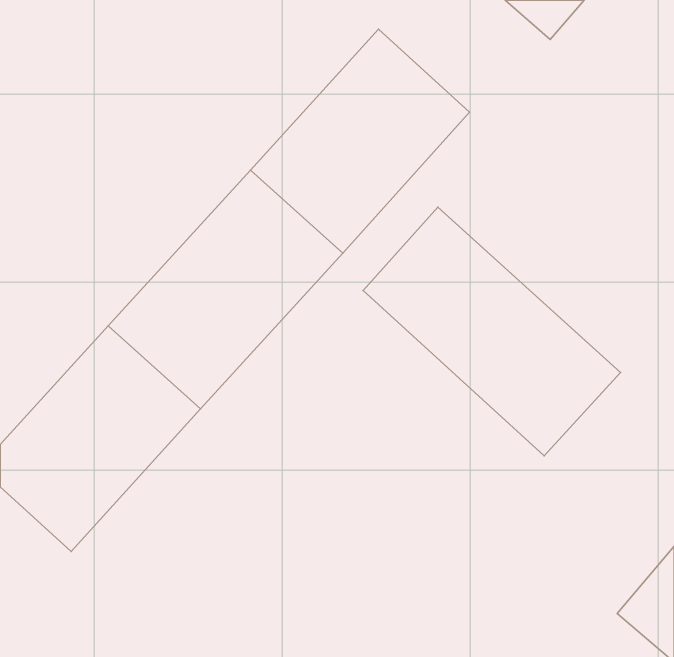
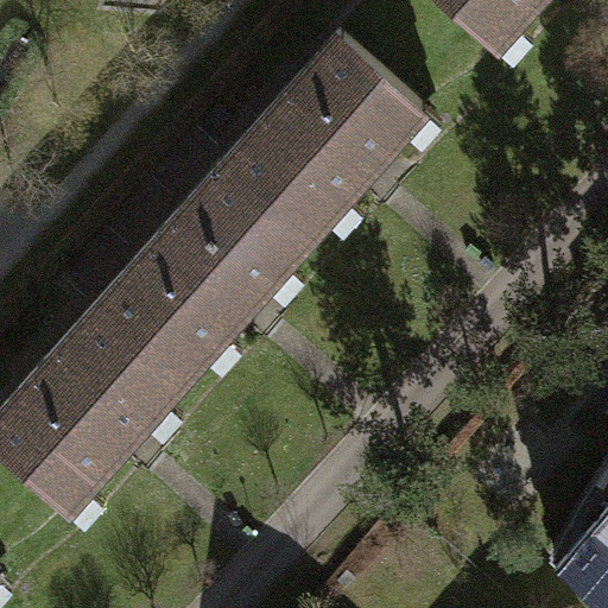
building: [363,207,621,456] -> none

